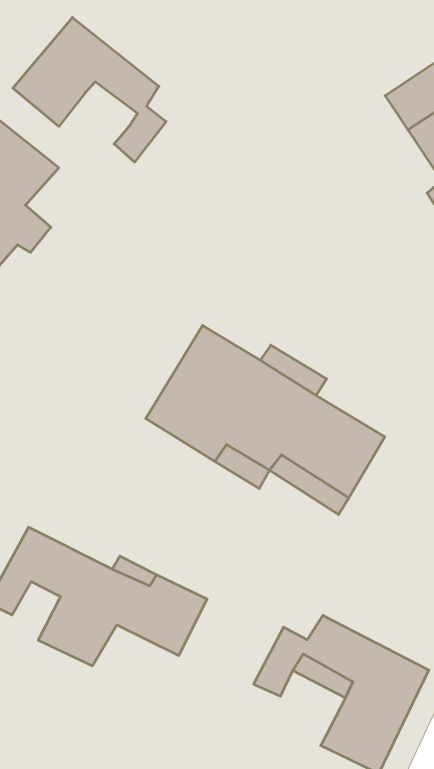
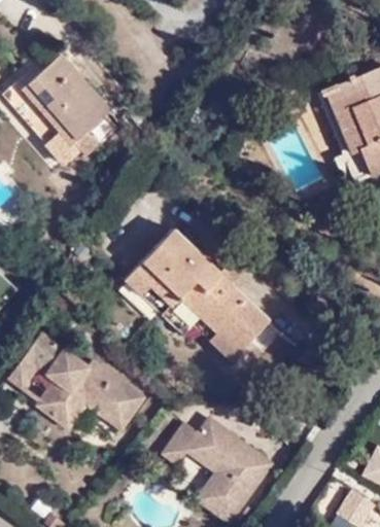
building: [13,17,166,162] -> none

